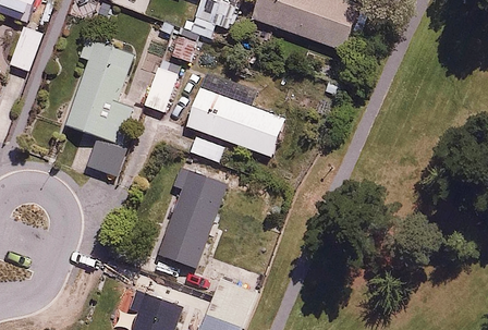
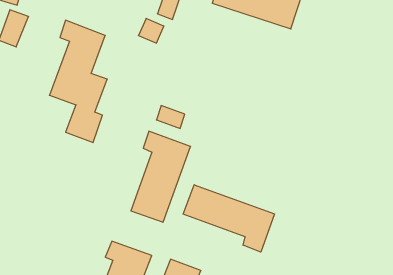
building: [141,65,176,112] -> none
building: [183,86,283,157] -> none
building: none -> [183,185,275,252]

